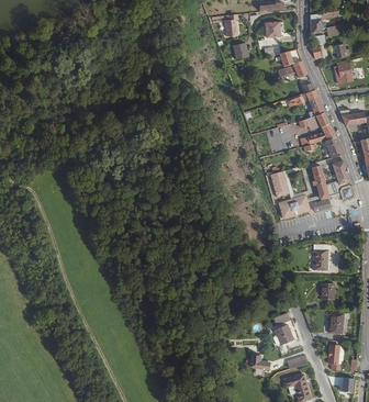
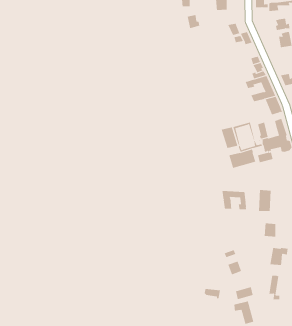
building: none -> [222,190,247,210]

